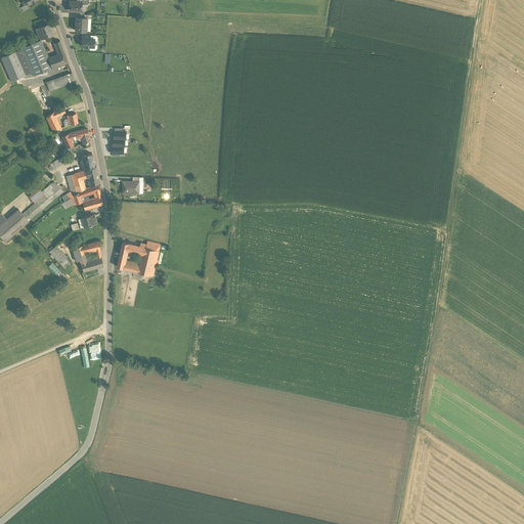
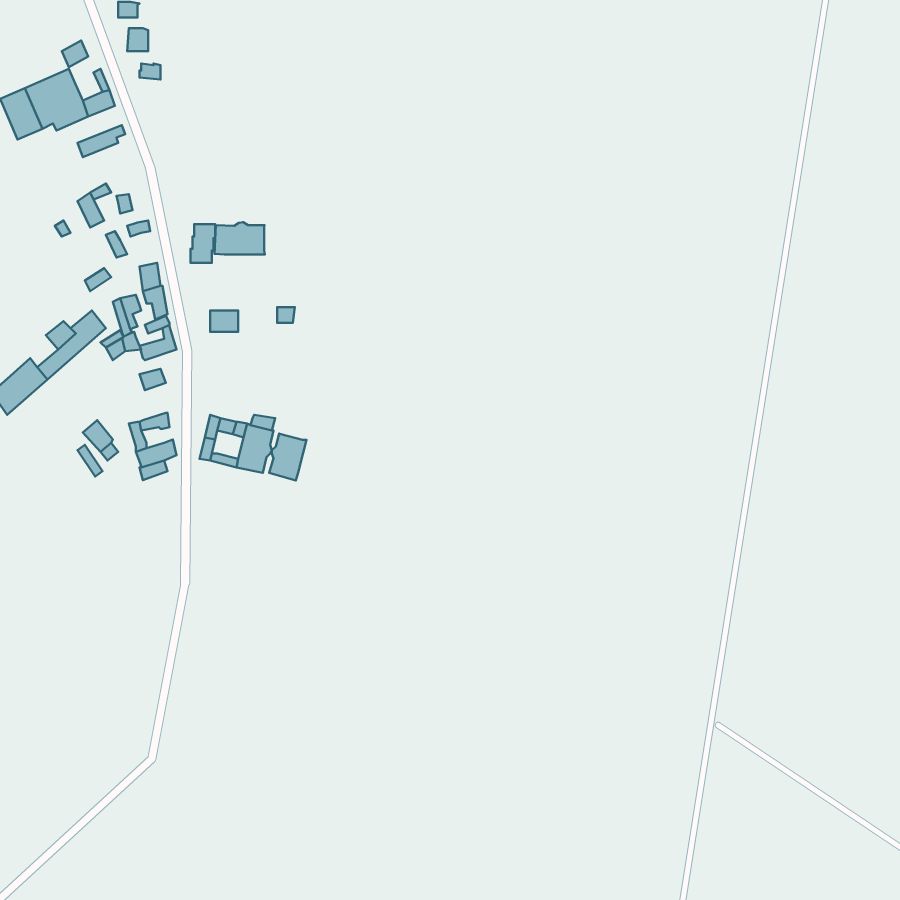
building: none -> [215,222,265,254]
building: none -> [269,433,306,481]

